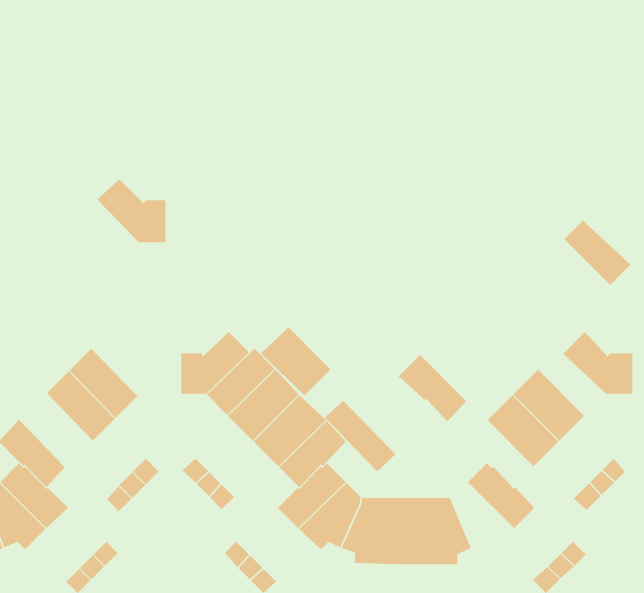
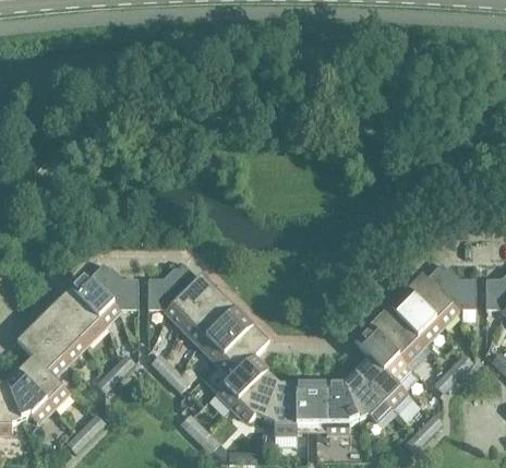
building: [97,178,166,243] -> [87,263,137,310]
building: [563,220,631,286] -> [407,276,456,324]
building: [260,327,331,396] -> none
building: [397,354,467,422] -> [353,327,403,376]
building: none -> [32,308,85,361]
building: [324,400,396,472] -> none
building: none -> [344,372,389,421]

